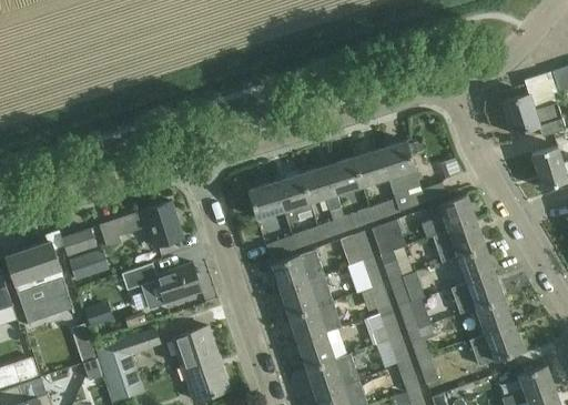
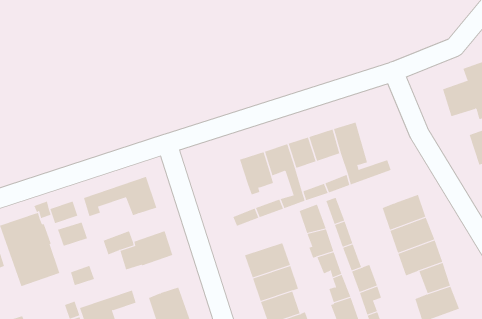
building: [248,183,284,219] -> none
building: [422,195,476,240] -> none
building: [272,250,324,291] -> none

